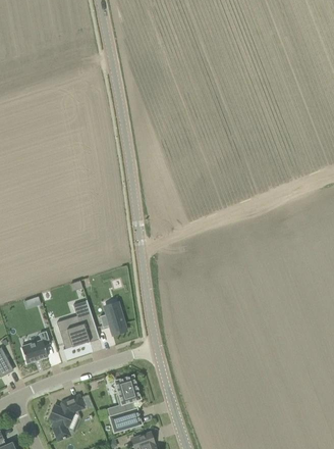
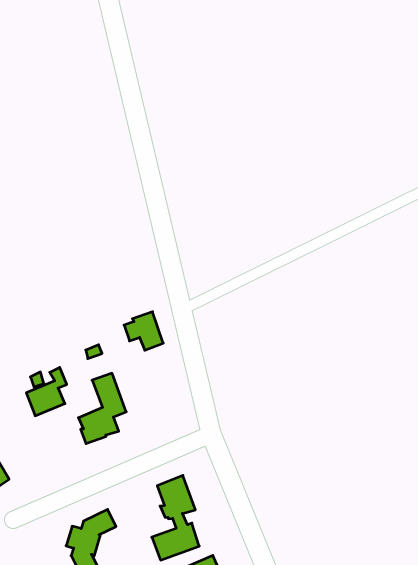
building: [100,308,126,335] -> [124,312,163,350]
building: [21,331,50,363] -> [26,367,67,416]

